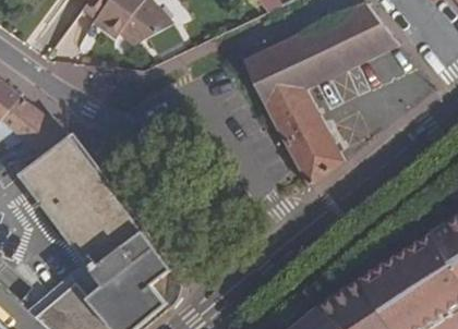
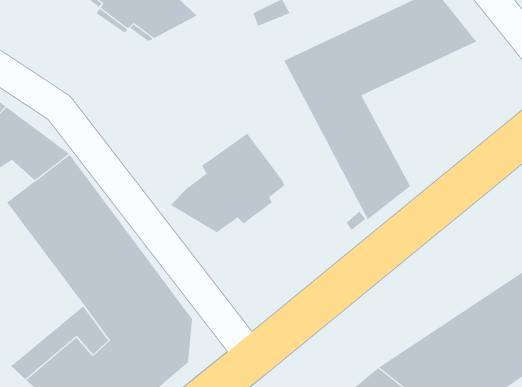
building: none -> [170,133,285,233]

